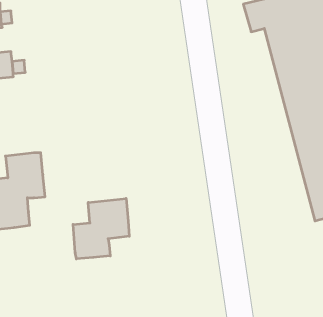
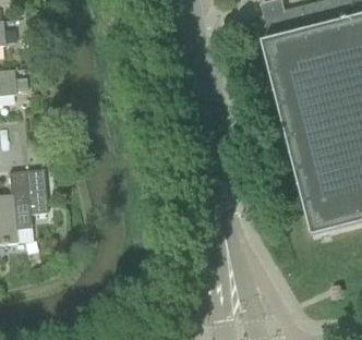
building: [73,198,129,259] -> none

